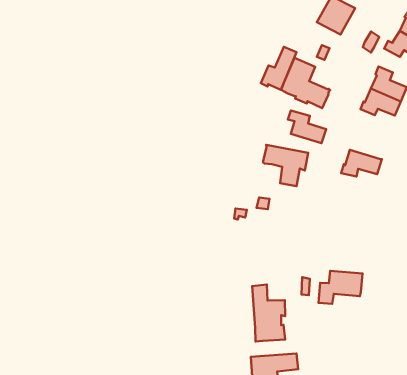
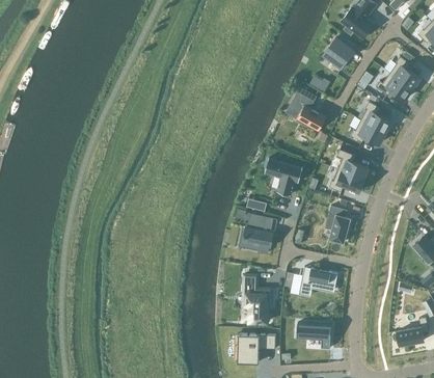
building: [261,47,297,90] -> none
building: [288,110,326,143] -> [337,150,369,180]
building: none -> [329,207,351,243]
building: none -> [245,213,274,252]
building: none -> [297,323,332,349]

